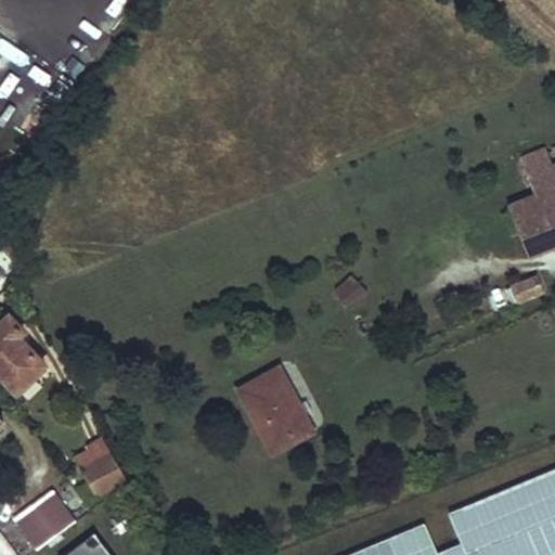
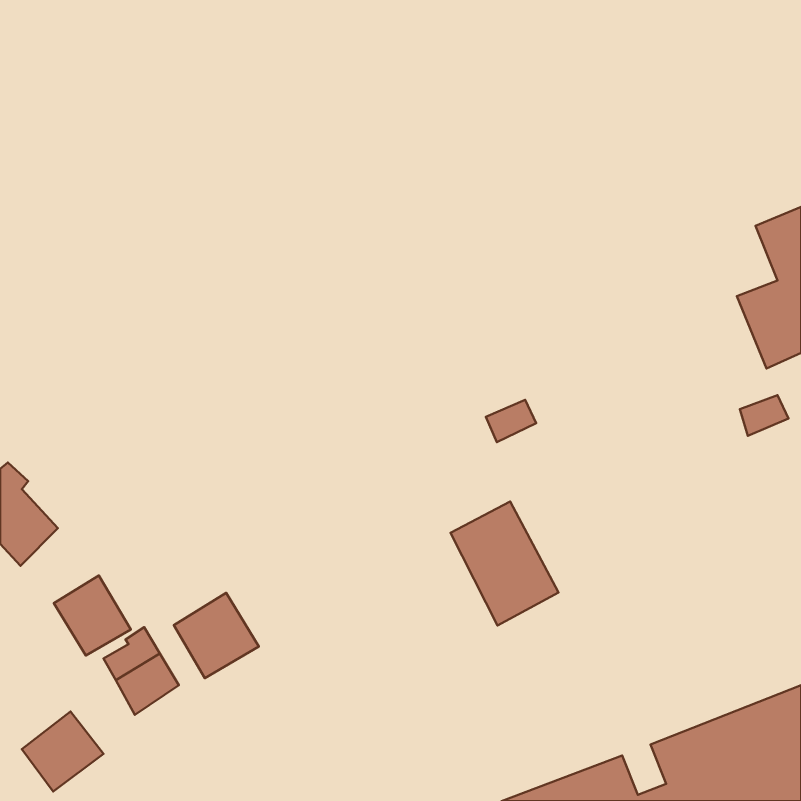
building: [245,371,320,456] -> [450,502,559,625]
building: none -> [54,576,131,656]
building: none -> [174,593,259,678]

